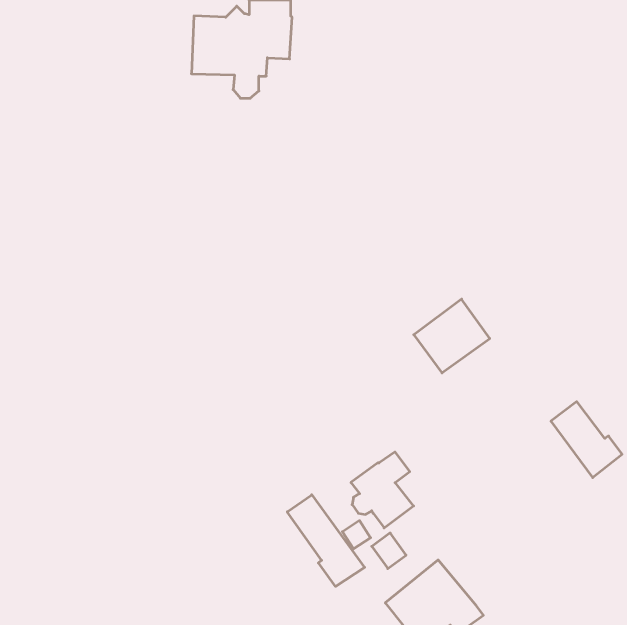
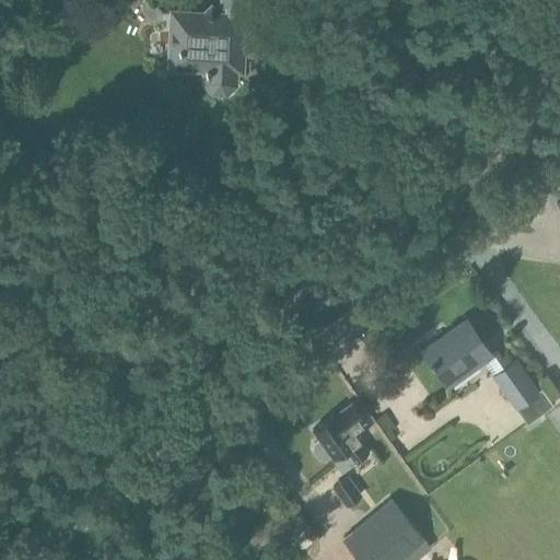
building: [414,299,490,373] -> [423,320,491,386]
building: [287,495,365,586] -> none

